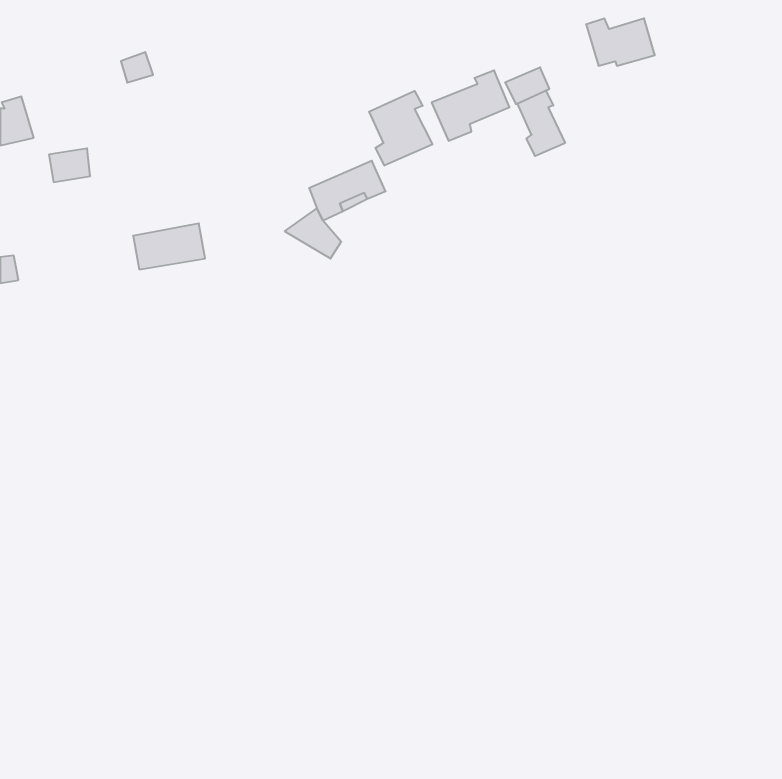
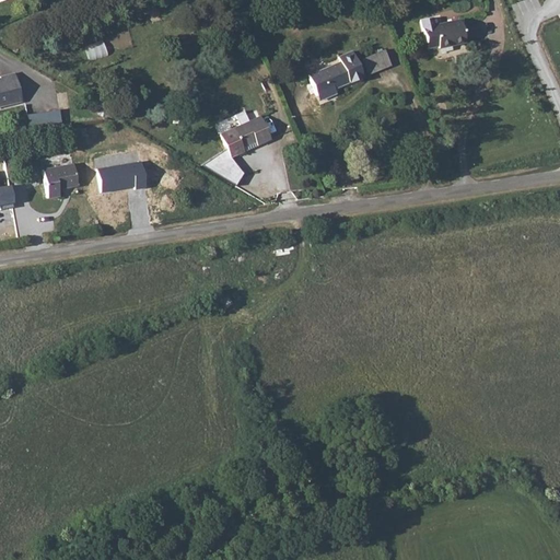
building: [517,90,565,156] -> none
building: [369,91,432,166] -> none
building: none -> [42,171,77,202]

